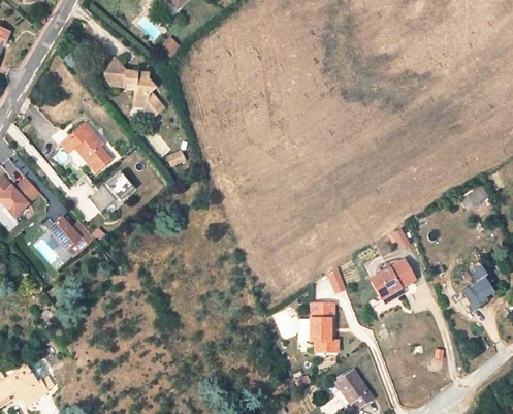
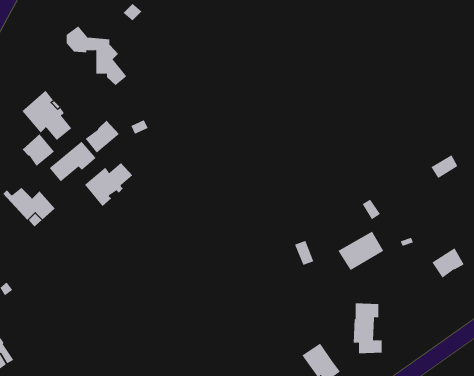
building: none -> [85,120,120,154]
building: none -> [22,134,55,167]
building: none -> [84,162,133,207]
building: [309,302,338,352] -> [353,303,382,354]

